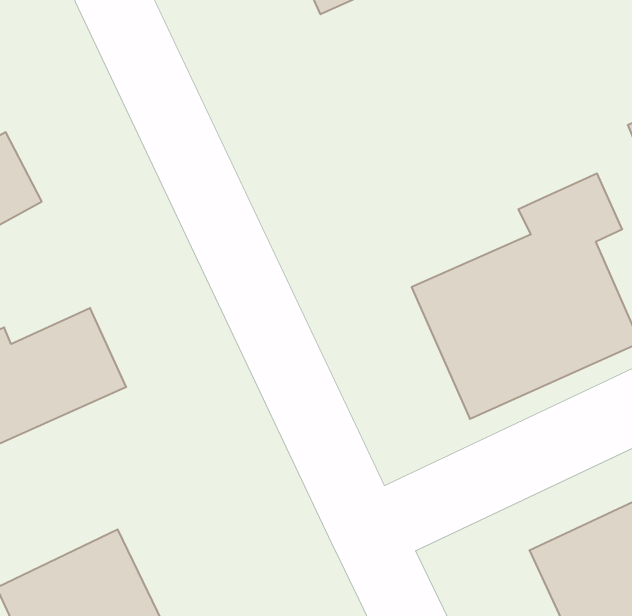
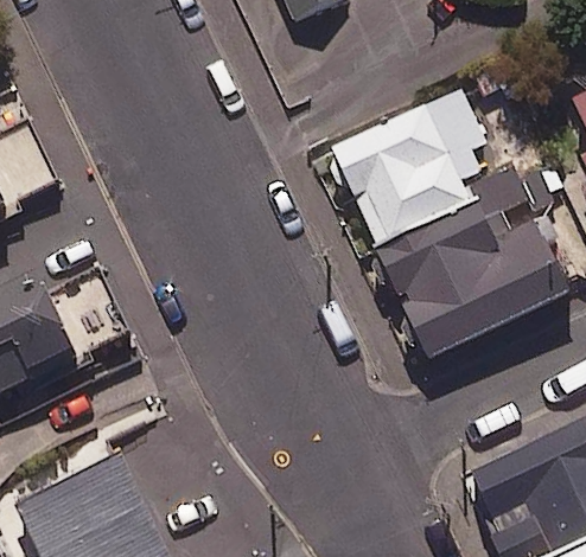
building: none -> [326,81,488,249]

